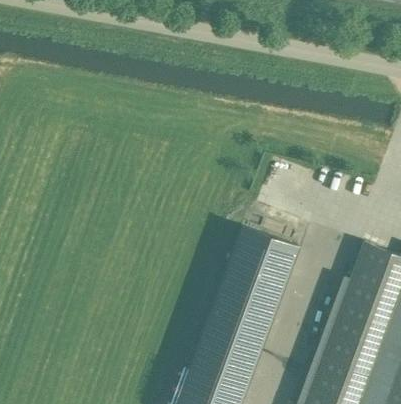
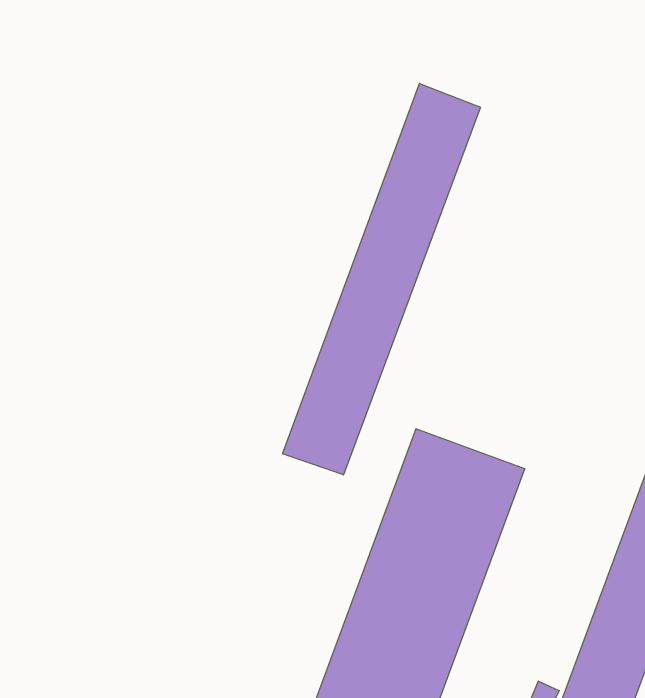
building: none -> [283,83,481,475]

